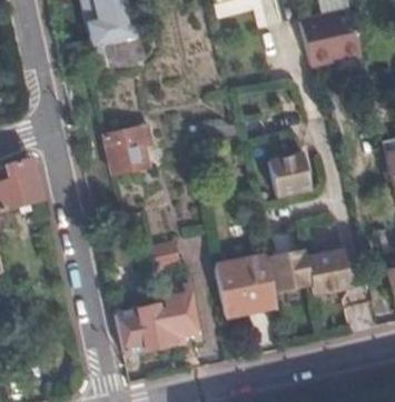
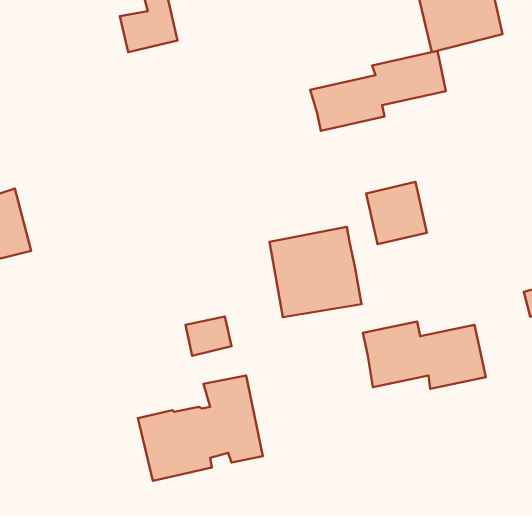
building: none -> [310,51,446,131]
building: [105,121,150,172] -> none
building: [213,245,275,306] -> [270,227,361,317]

